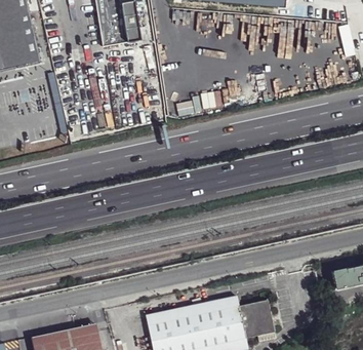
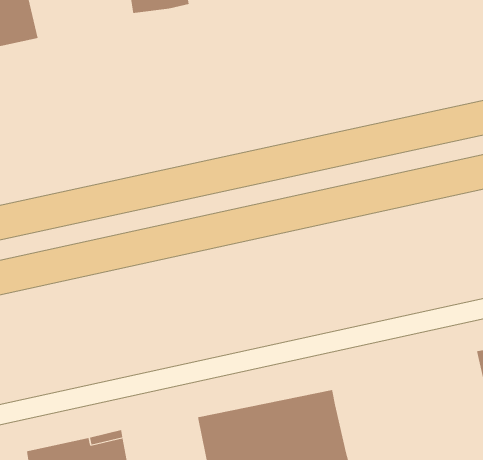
building: [238,300,275,339] -> none

